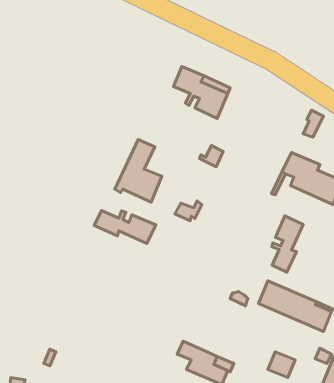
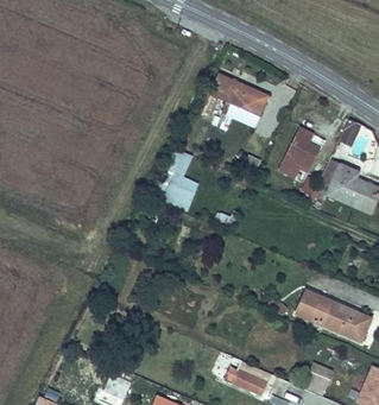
building: none -> [280,128,321,177]
building: [94,211,156,243] -> none
building: [272,216,303,272] -> none

